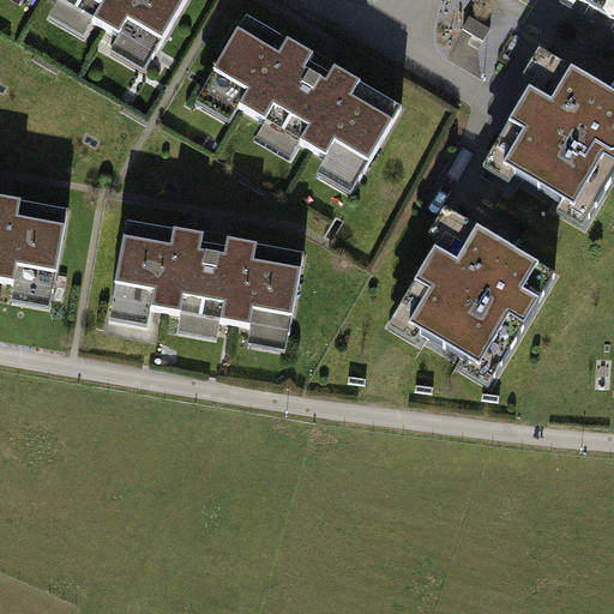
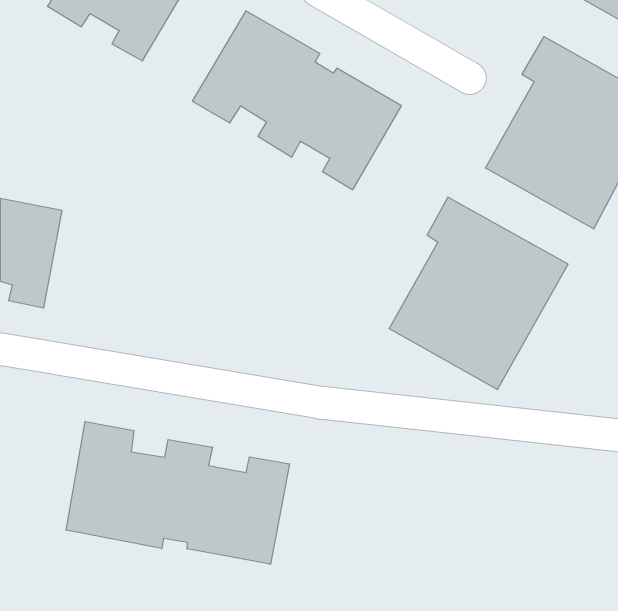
building: [107,213,302,344] -> none
building: none -> [66,421,289,564]

